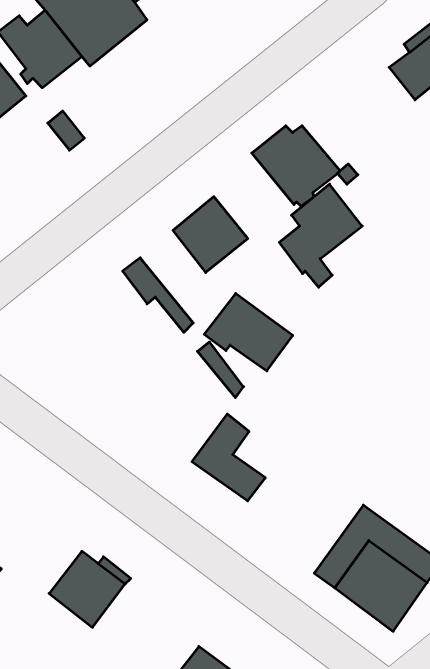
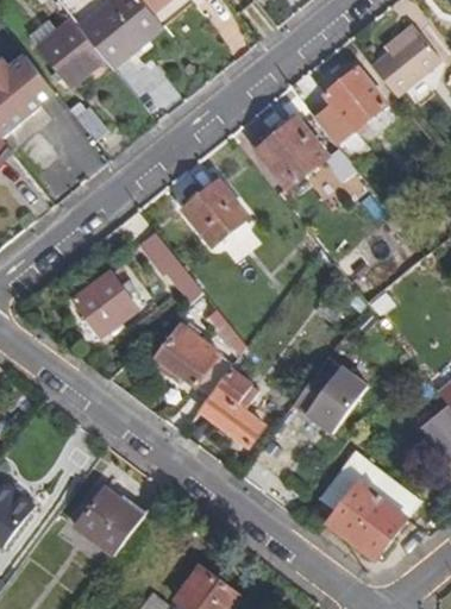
building: [279,184,362,287] -> [314,67,387,157]
building: [204,293,293,371] -> [155,326,232,394]
building: none -> [71,268,132,337]
building: none -> [292,358,364,433]

